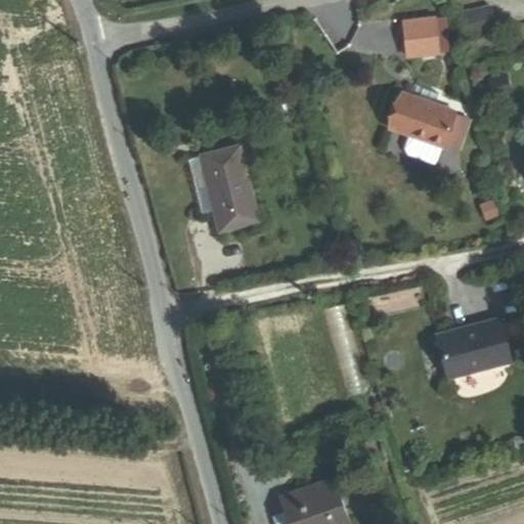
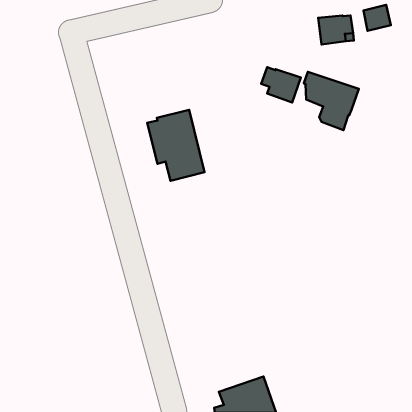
building: none -> [261,67,301,102]
building: [438,319,511,379] -> none

